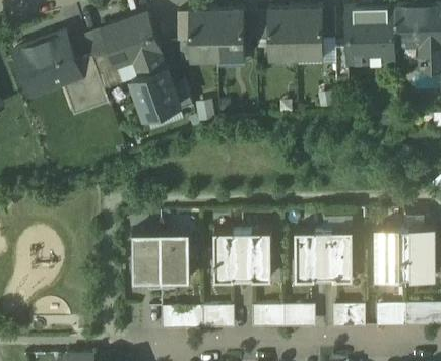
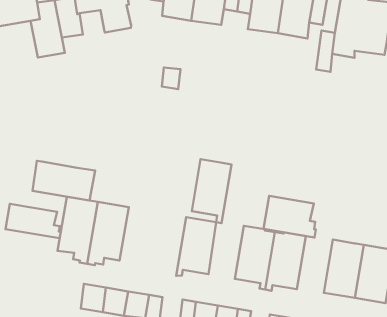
building: [132,68,179,117] -> none
building: none -> [263,196,316,238]
building: none -> [33,161,95,201]
building: [213,232,242,286] -> [192,159,232,223]
building: none -> [5,204,61,238]

